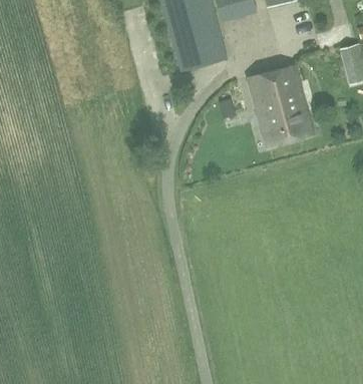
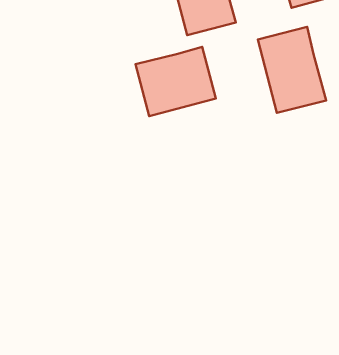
building: none -> [135,47,216,116]

